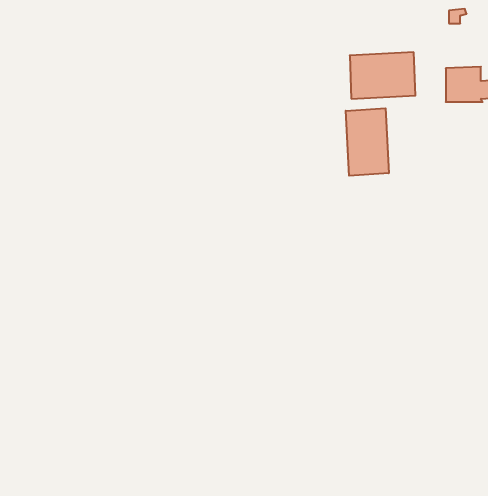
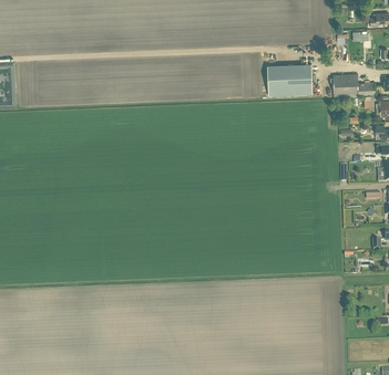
building: [346,108,389,176] -> none

